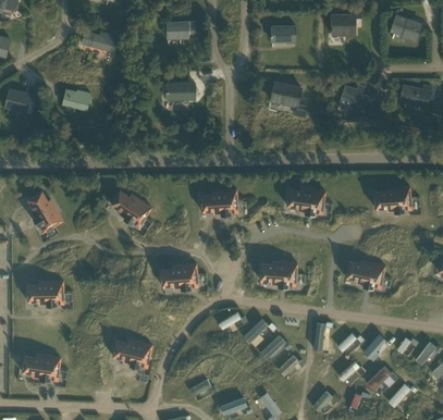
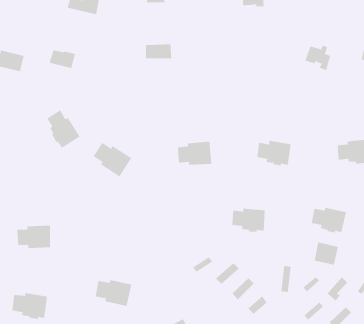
building: [269,82,306,118] -> none
building: [26,190,63,233] -> [46,109,81,148]
building: [160,262,198,289] -> none
building: none -> [314,241,338,266]

